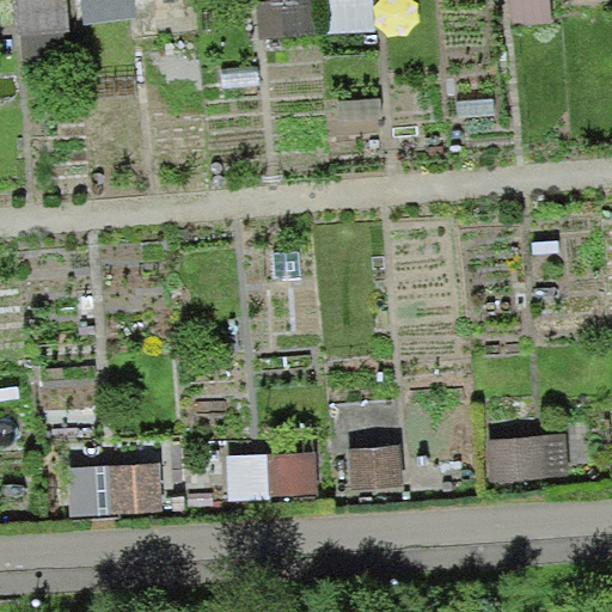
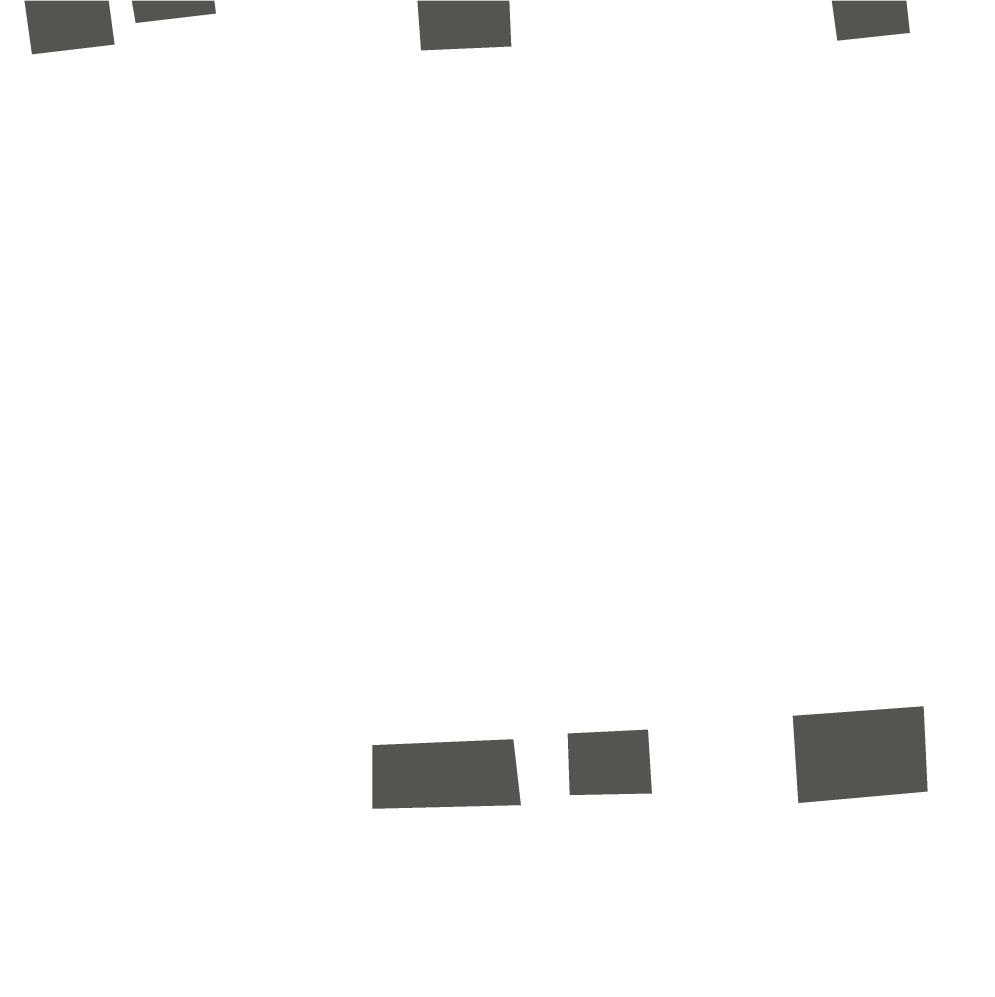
building: [68,460,165,514] -> none

